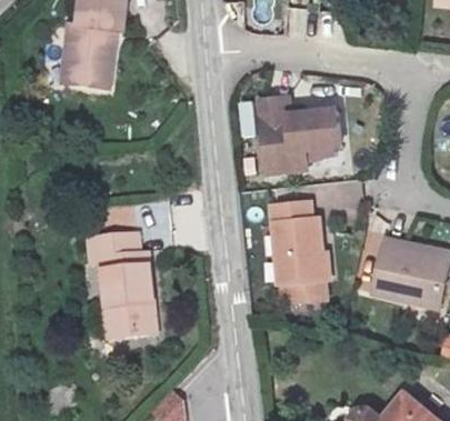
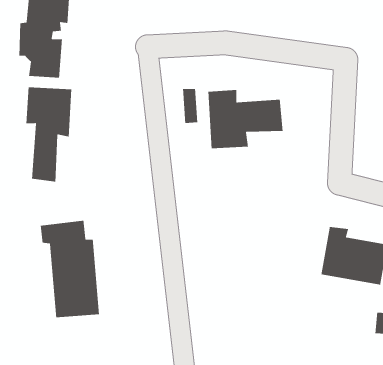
building: none -> [25,86,72,182]
building: [269,200,319,295] -> none

